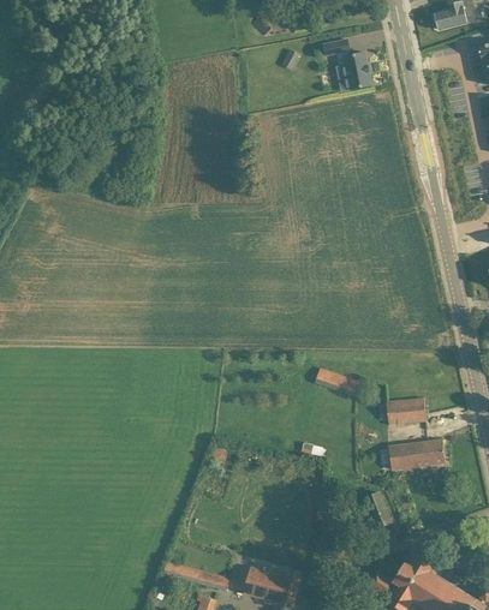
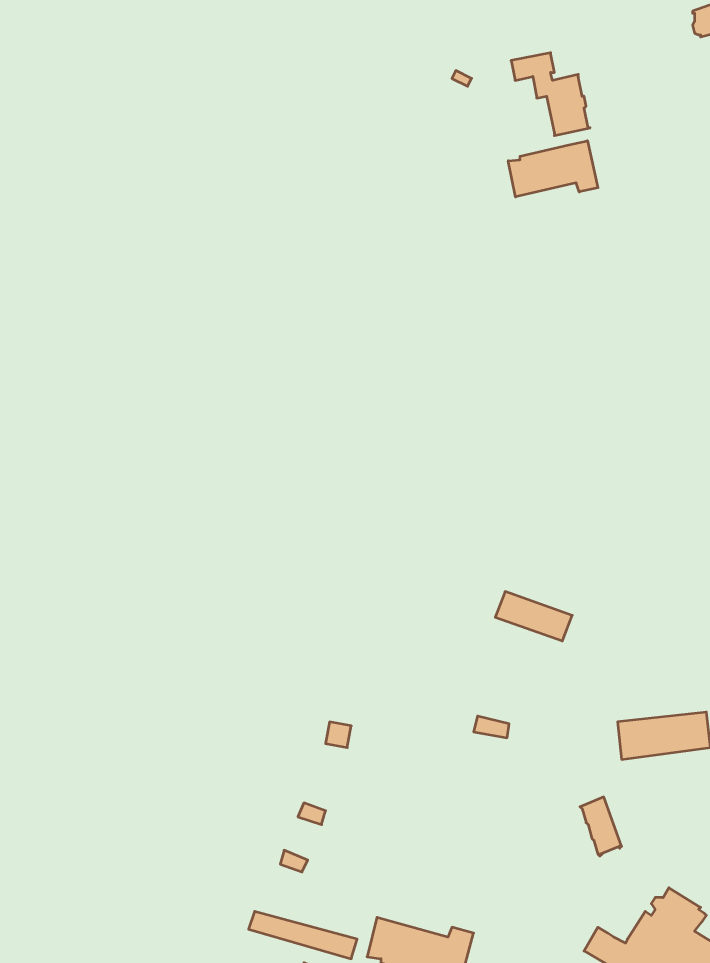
building: none -> [508,141,598,197]
building: [377,397,425,424] -> none

